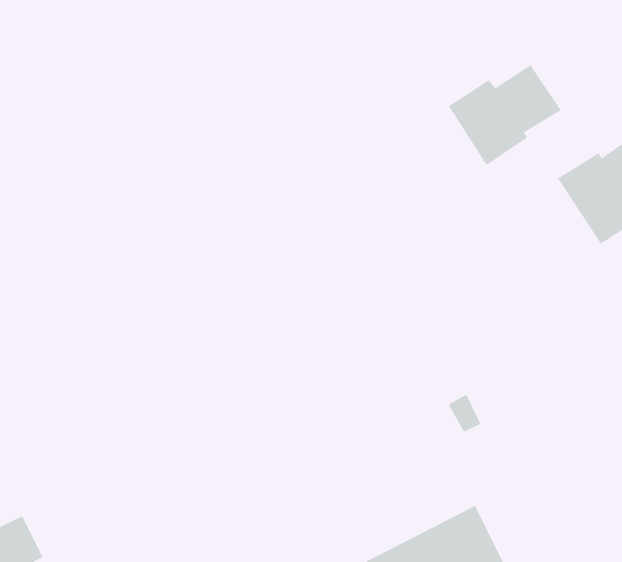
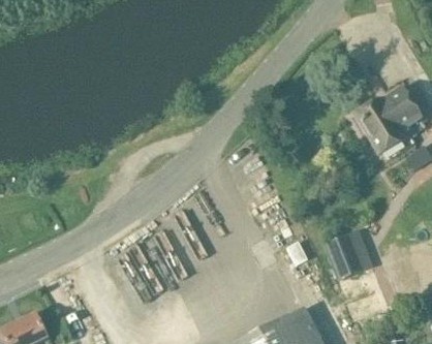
building: [448,64,561,166] -> none
building: none -> [327,231,364,277]

